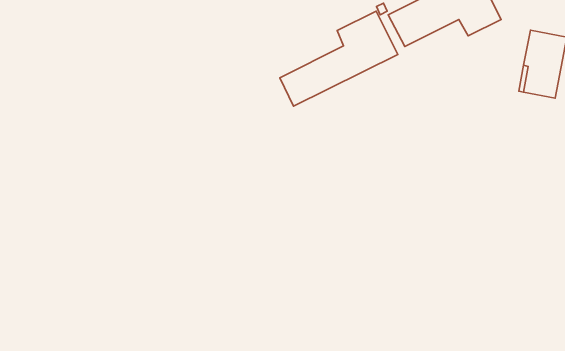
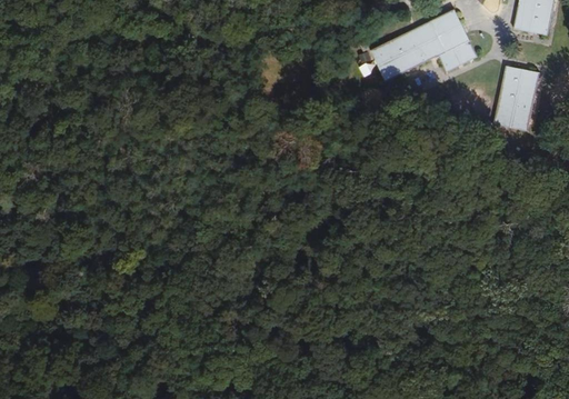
building: [280,11,398,106] -> none

